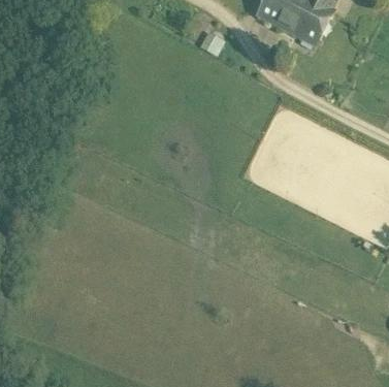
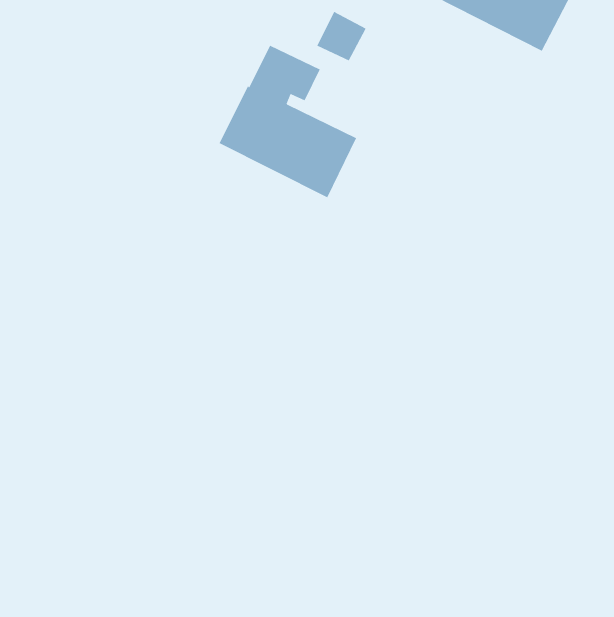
building: none -> [219,45,357,198]

